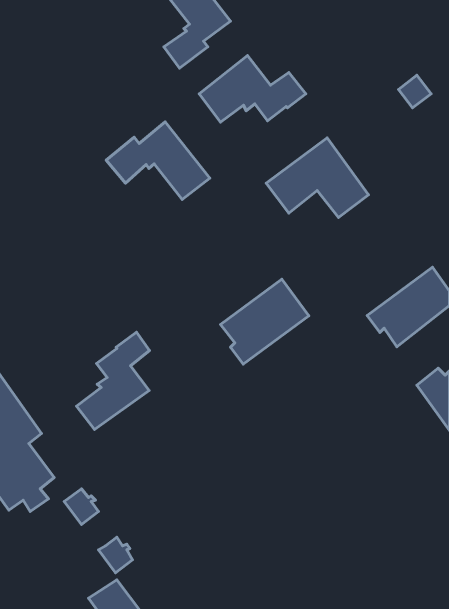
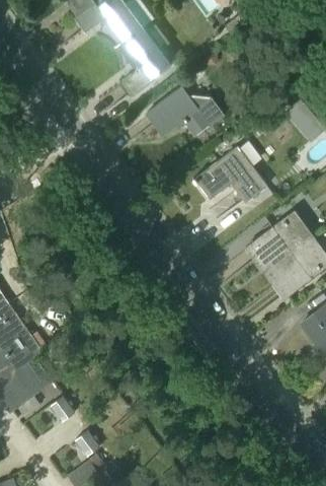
building: [106,122,210,199] -> none
building: [221,279,309,364] -> [250,212,313,273]
building: [77,332,150,429] -> none

